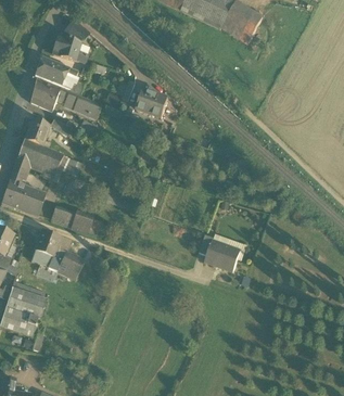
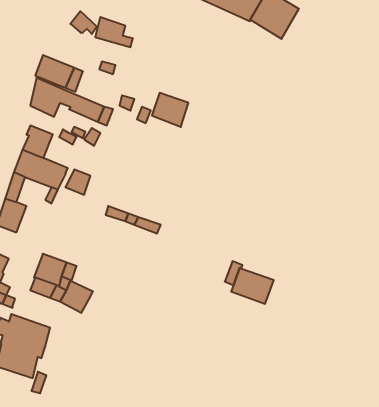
building: [54,36,87,62] -> [95,17,133,47]
building: [20,188,47,217] -> none
building: [51,205,101,237] -> none

